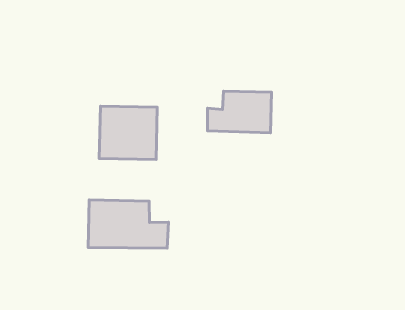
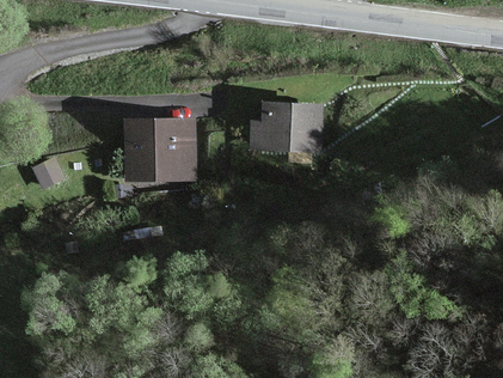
building: [88,200,168,248] -> none

